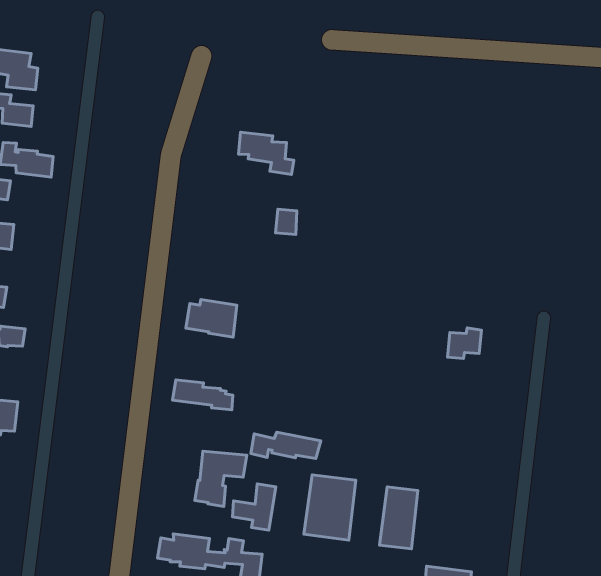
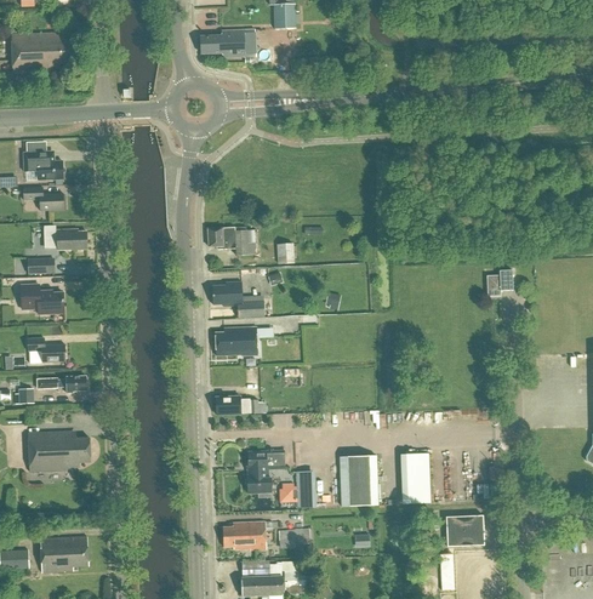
building: [239,132,294,175] -> [207,226,255,255]
building: none -> [213,281,264,315]
building: [447,328,482,358] -> [486,269,513,296]
building: [251,432,321,459] -> none

